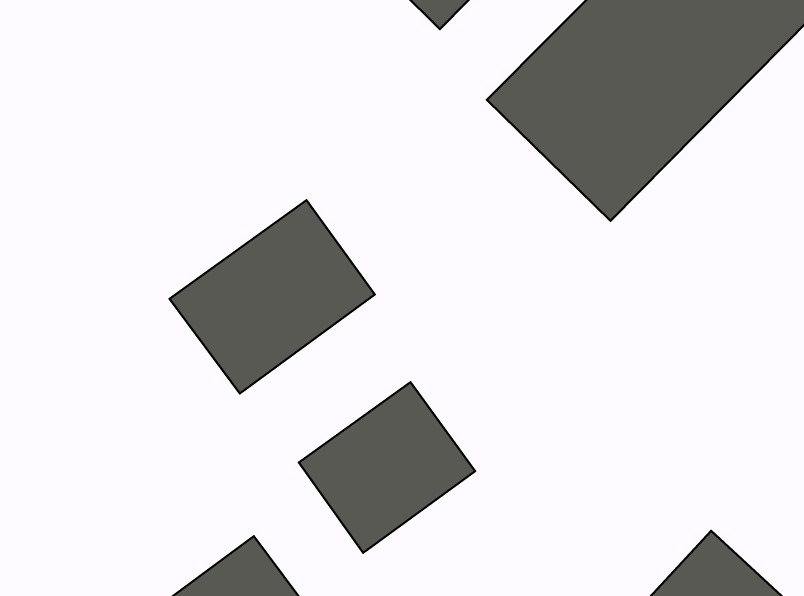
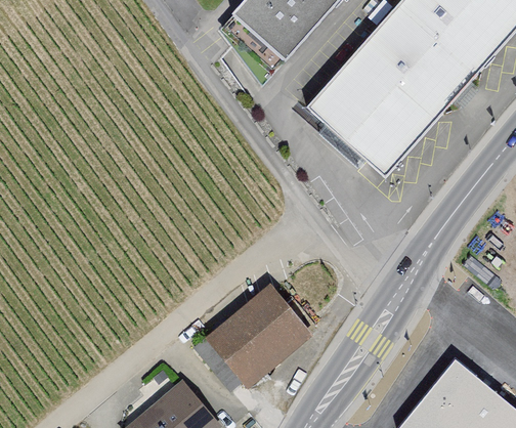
building: [169,200,375,394] -> none

